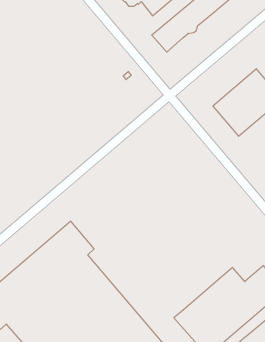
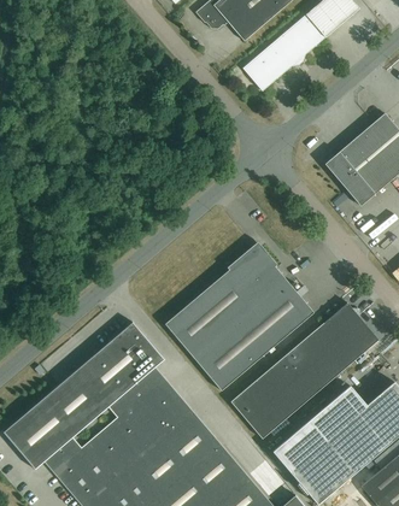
building: none -> [165,246,313,392]
building: none -> [229,302,379,439]

